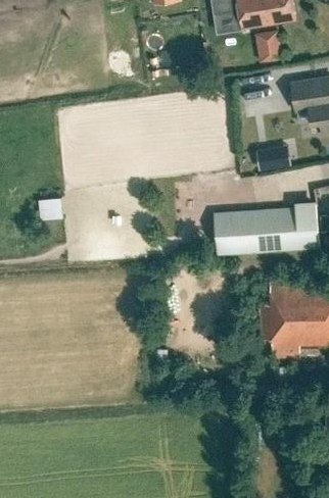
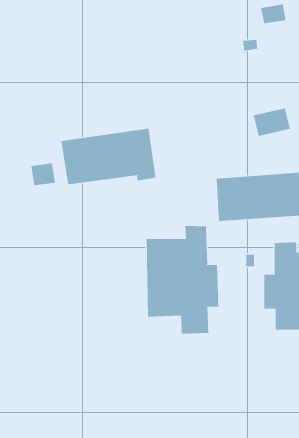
building: none -> [61,128,156,185]
building: none -> [146,225,219,334]

